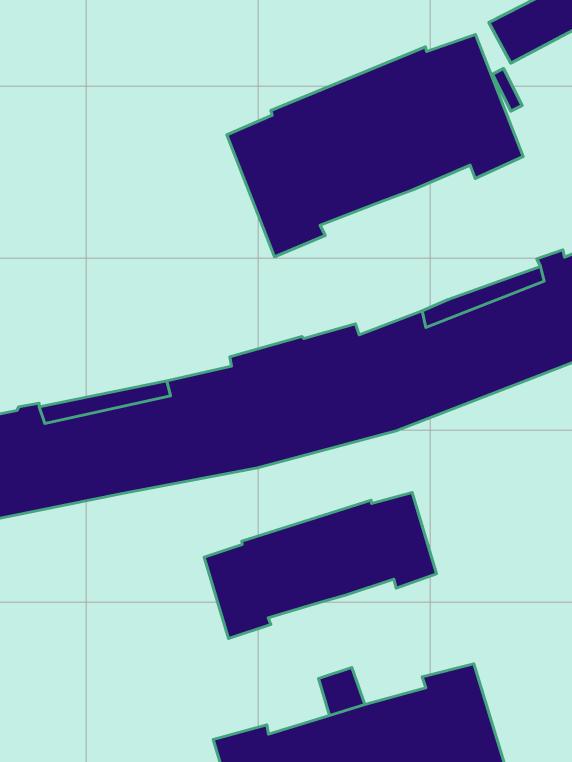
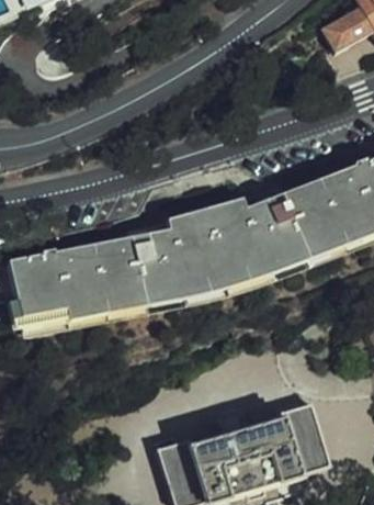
building: [227,34,523,257] -> none
building: [204,492,436,638] -> none

